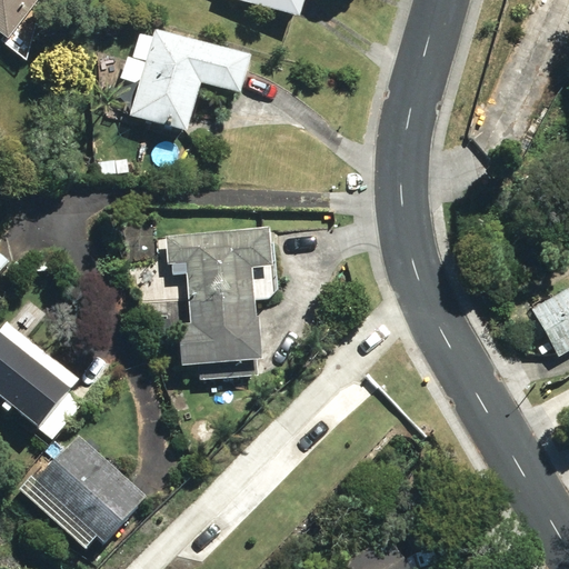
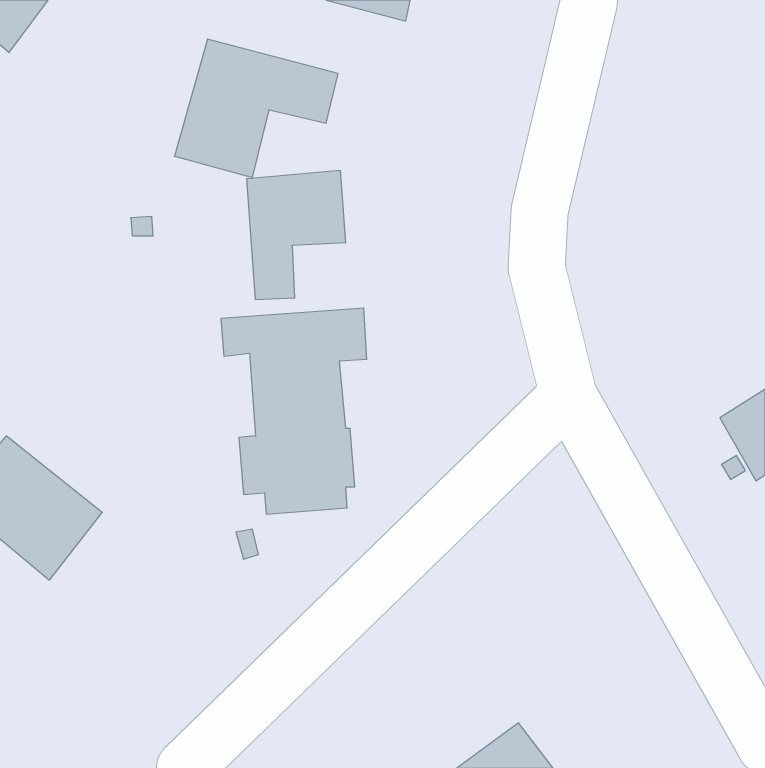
building: none -> [247,170,345,300]
building: [34,435,144,542] -> none

